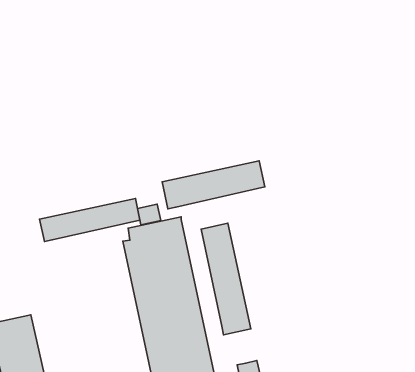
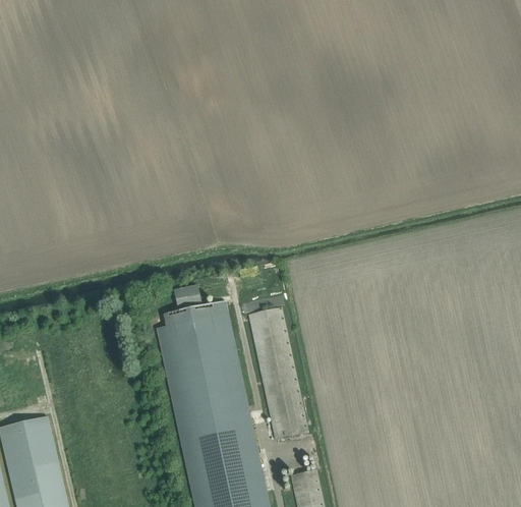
building: [162,161,265,209] -> none
building: [39,198,140,242] -> none

